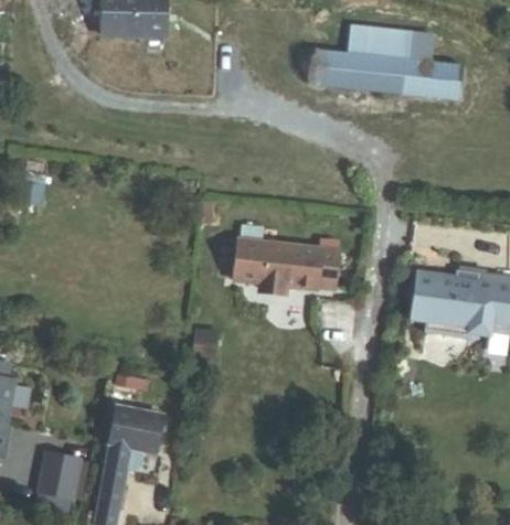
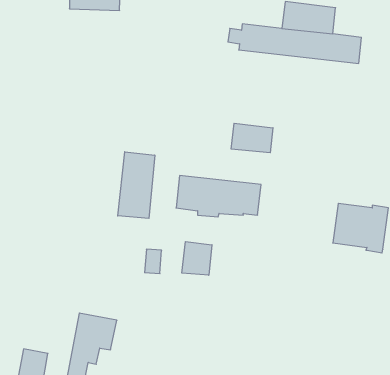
building: none -> [231,123,273,153]
building: none -> [118,152,155,218]
building: none -> [182,242,212,275]

